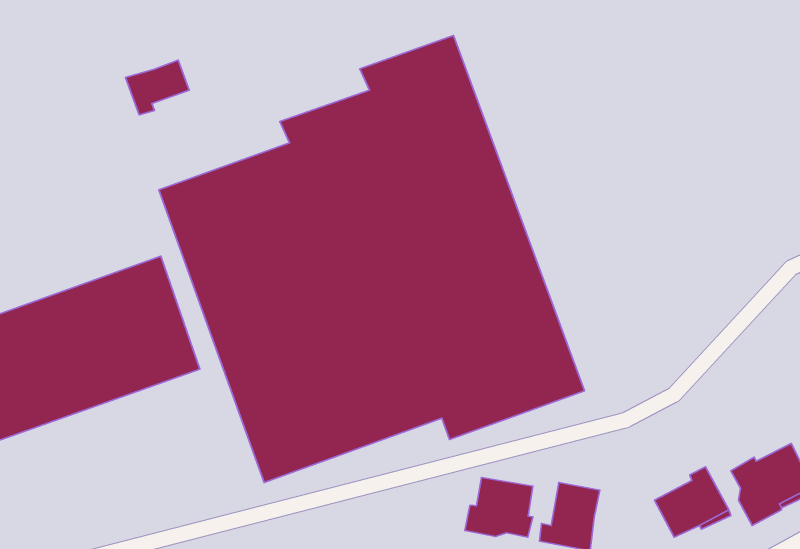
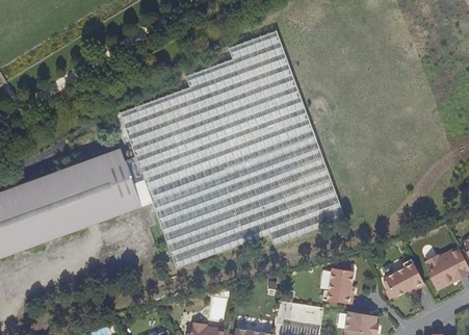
building: [126,60,189,115] -> none
building: [465,477,533,537] -> none

